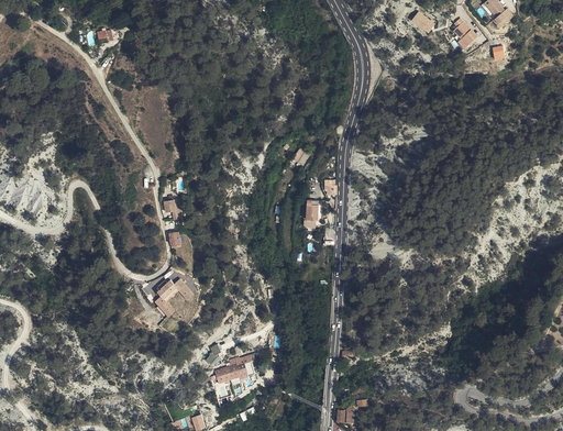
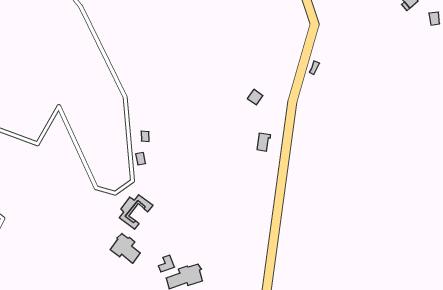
building: none -> [110,233,140,263]

